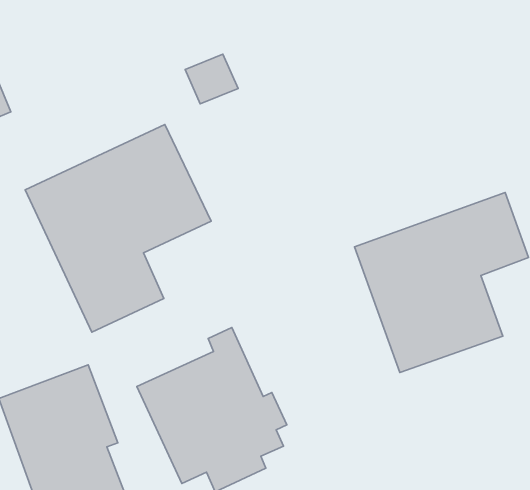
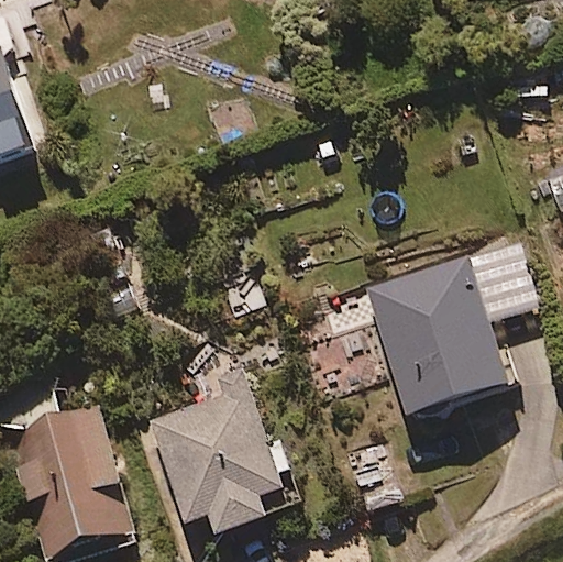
building: [25,124,211,332] -> none

